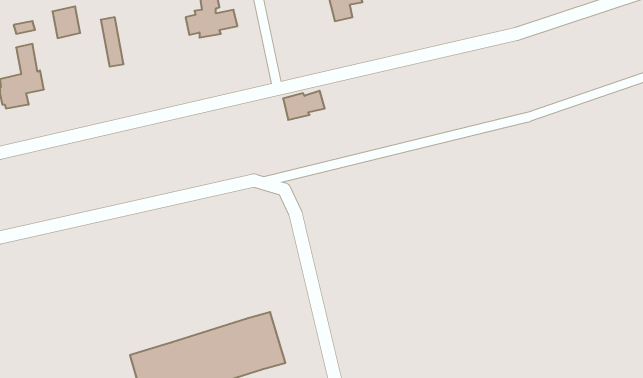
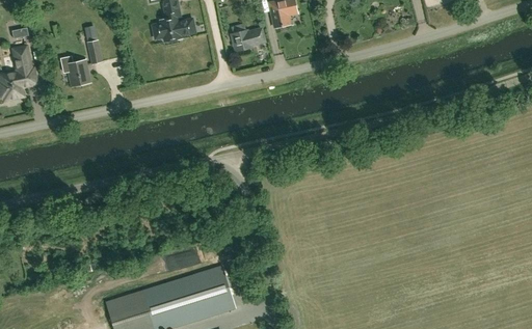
building: [52,6,80,38] -> [68,59,90,85]
building: [283,91,325,120] -> [231,27,265,51]

